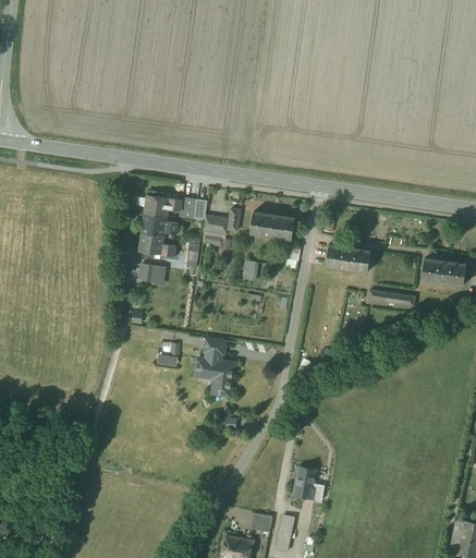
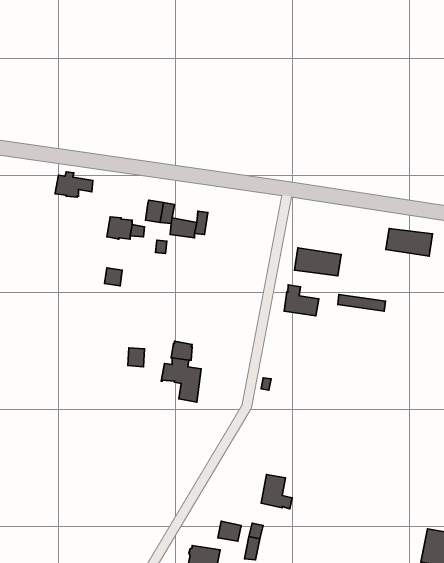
building: [145,192,182,217] -> [55,172,93,197]
building: [251,211,295,240] -> none
building: [139,233,175,258] -> none
building: [422,258,467,286] -> [386,228,433,256]
building: none -> [284,285,319,316]

